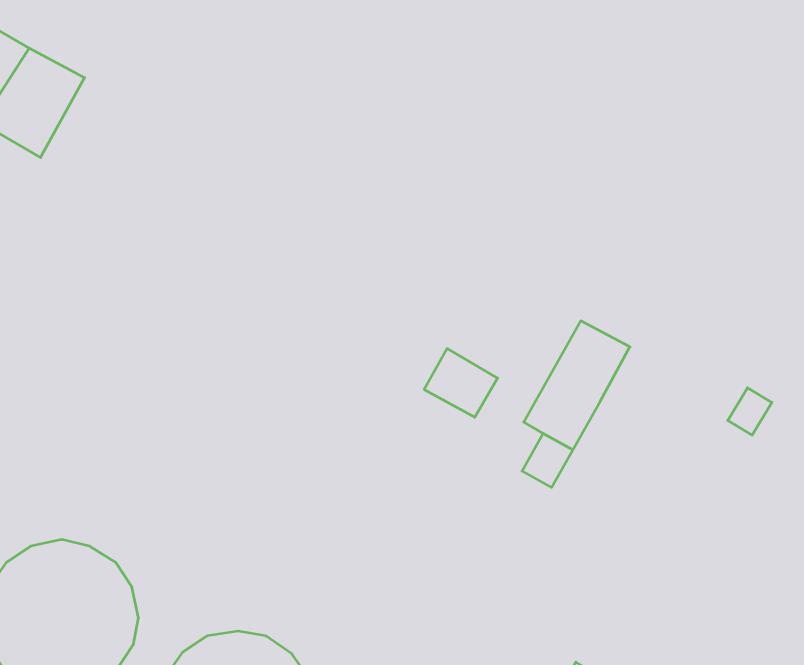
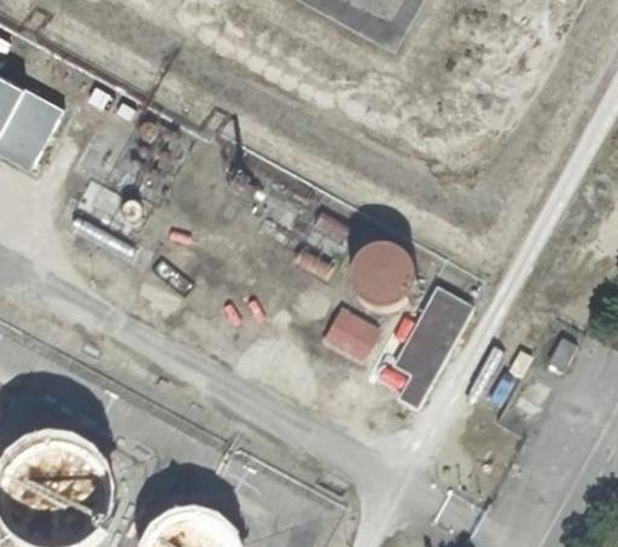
building: none -> [343,239,415,312]

